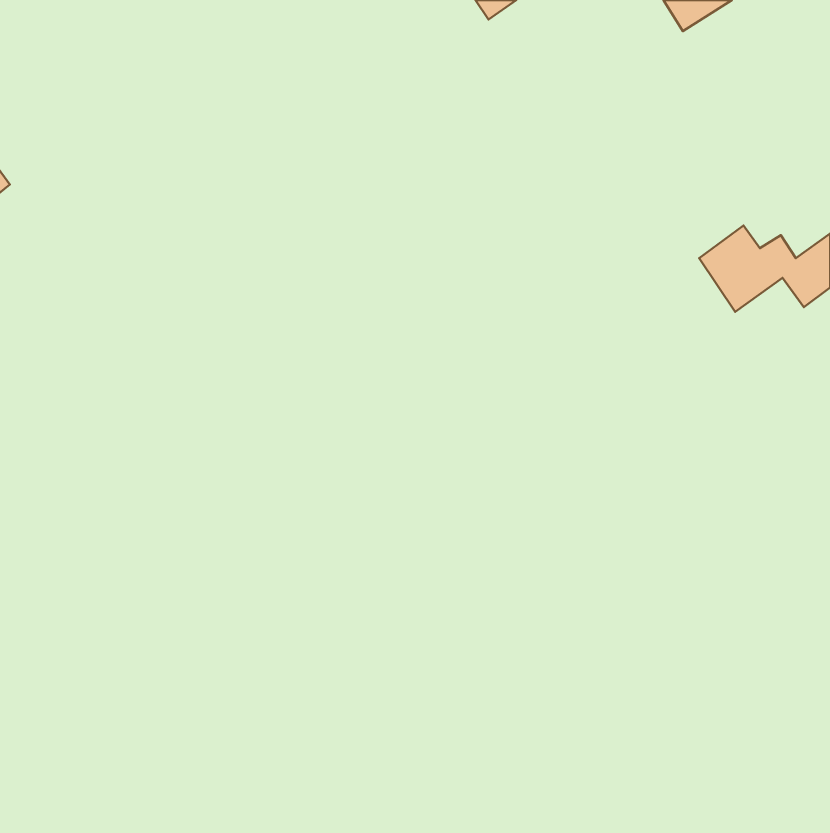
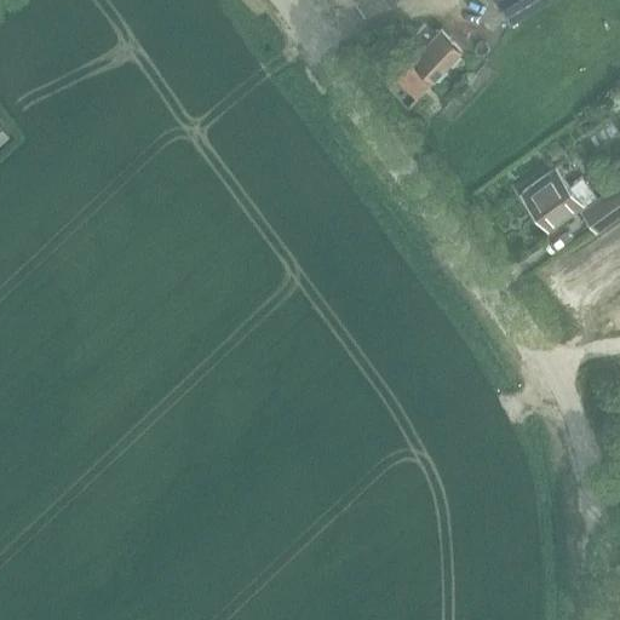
building: none -> [400,30,459,99]

